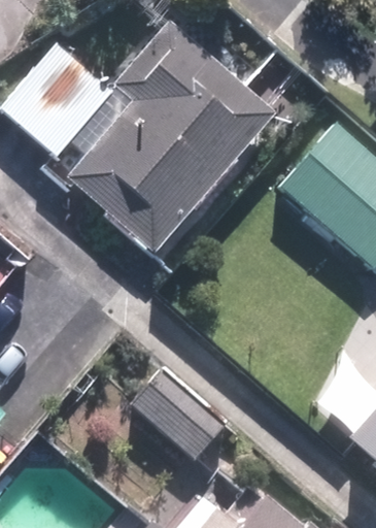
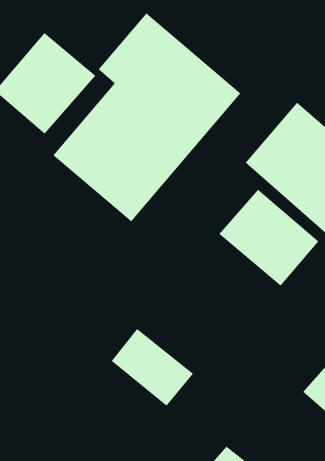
building: none -> [219,189,319,286]

